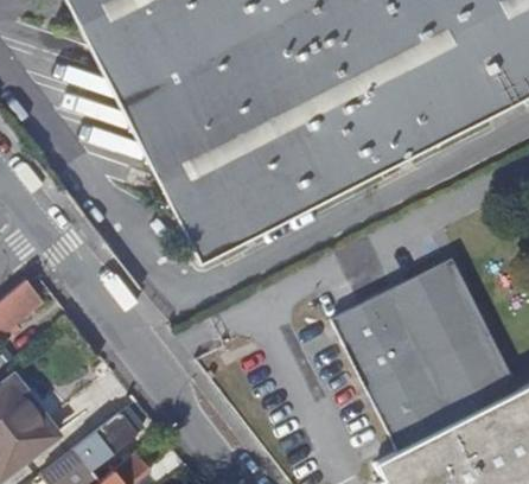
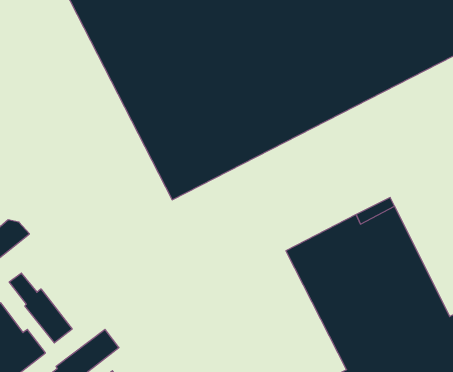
building: none -> [9,273,72,343]

